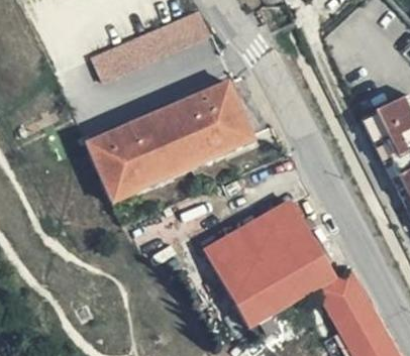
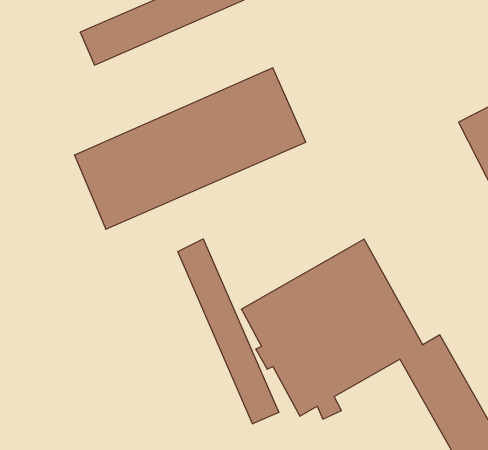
building: none -> [178,239,279,424]

